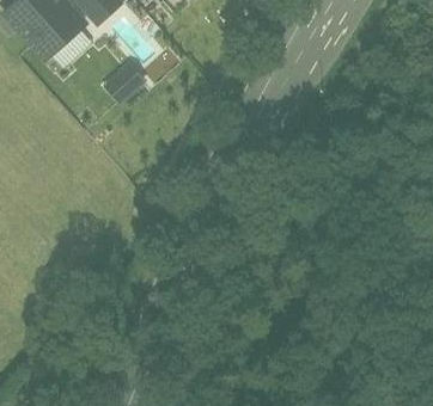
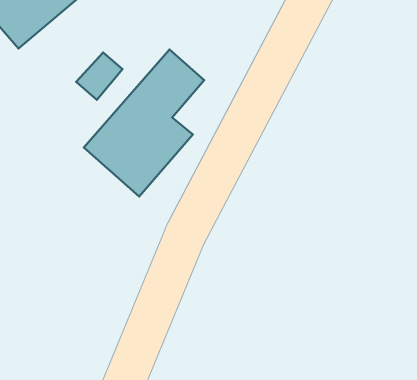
building: none -> [84,50,204,197]

